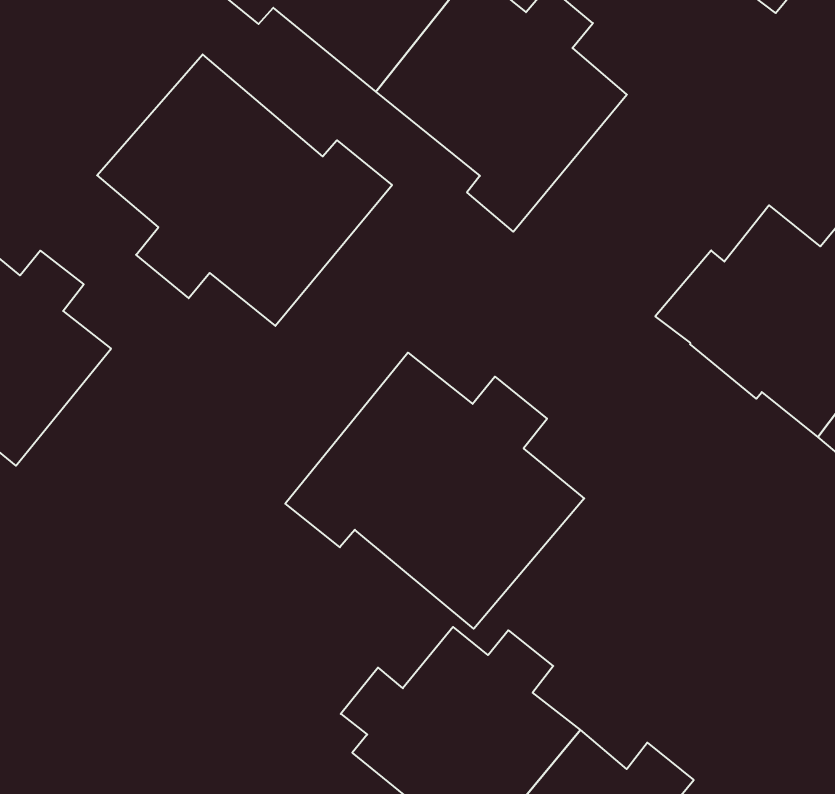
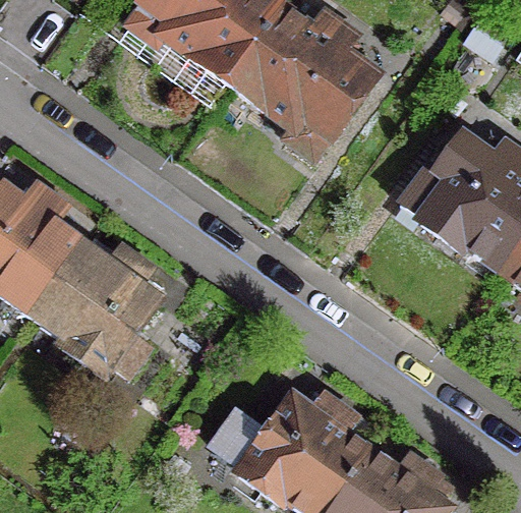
building: [97,54,392,326] -> none
building: none -> [27,242,158,376]
building: [285,353,584,629] -> none

